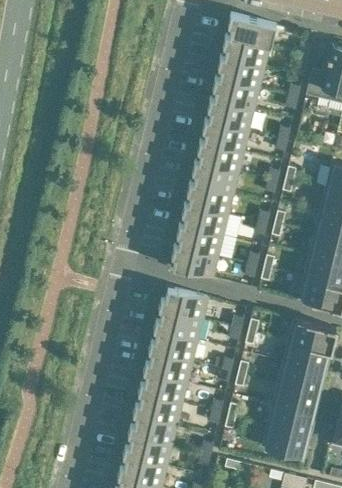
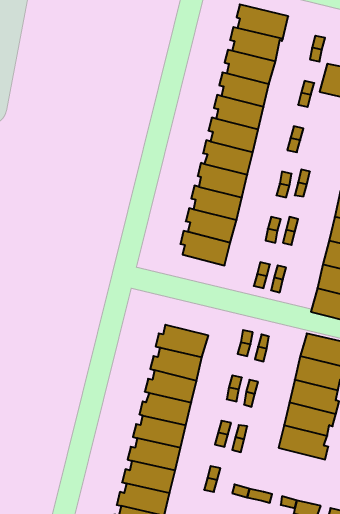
building: [171,245,217,278] -> none
building: [158,288,208,321] -> none
building: [261,425,310,457] -> none

